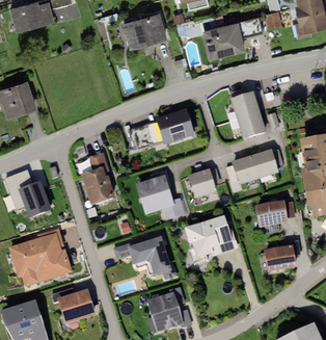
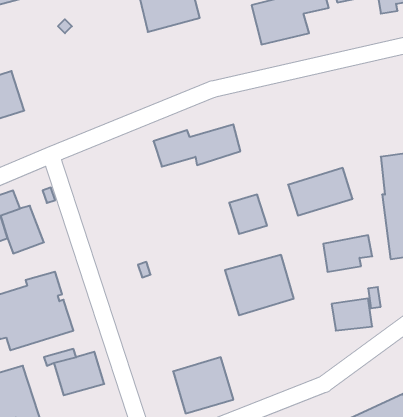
building: [230,96,266,142] -> none
building: [80,152,115,203] -> none
building: [136,178,186,221] -> none
building: [112,239,176,281] -> none

